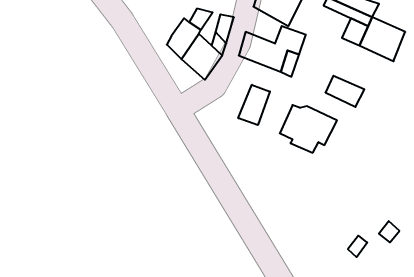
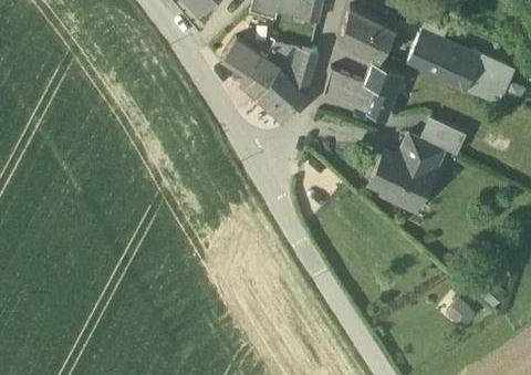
building: none -> [222,39,261,74]
building: none -> [408,40,450,76]
building: [238,85,270,125] -> none
building: none -> [400,134,445,170]

